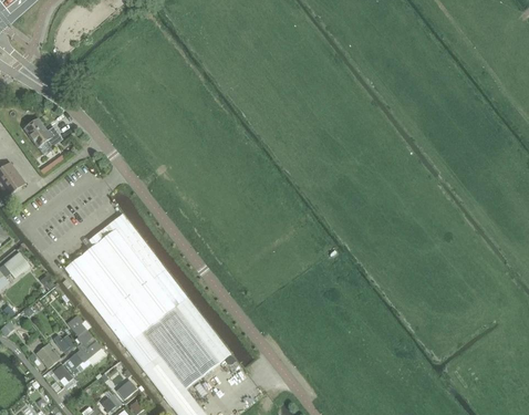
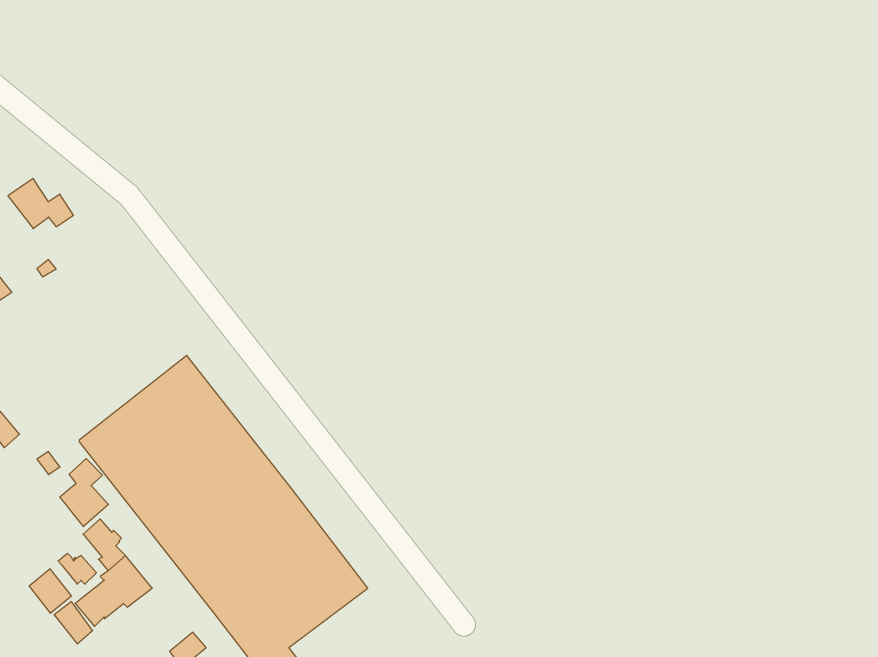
building: none -> [60,459,109,527]

